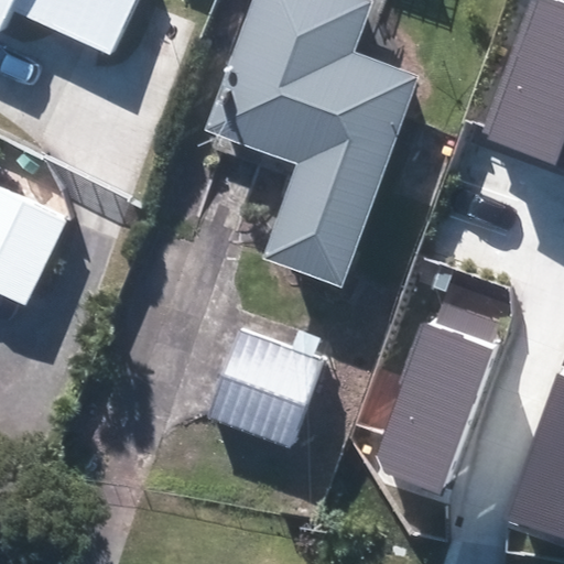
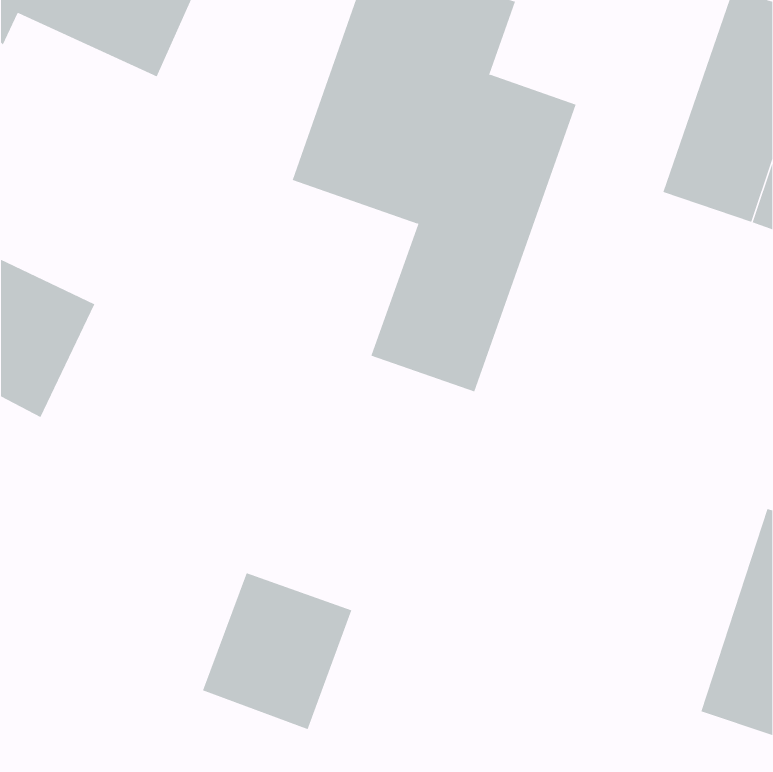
building: [370,322,491,495] -> none
building: [213,330,322,445] -> [202,572,352,730]

